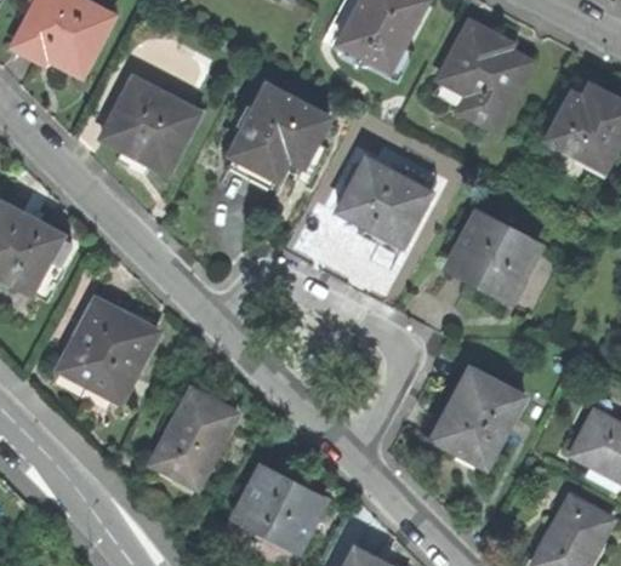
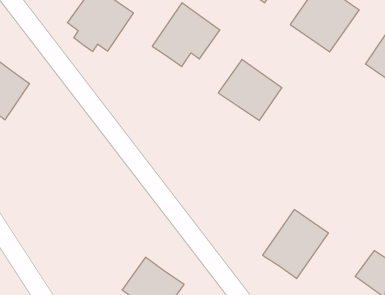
building: [449,211,539,299] -> none
building: [59,297,156,400] -> none
building: [150,387,237,486] -> none

